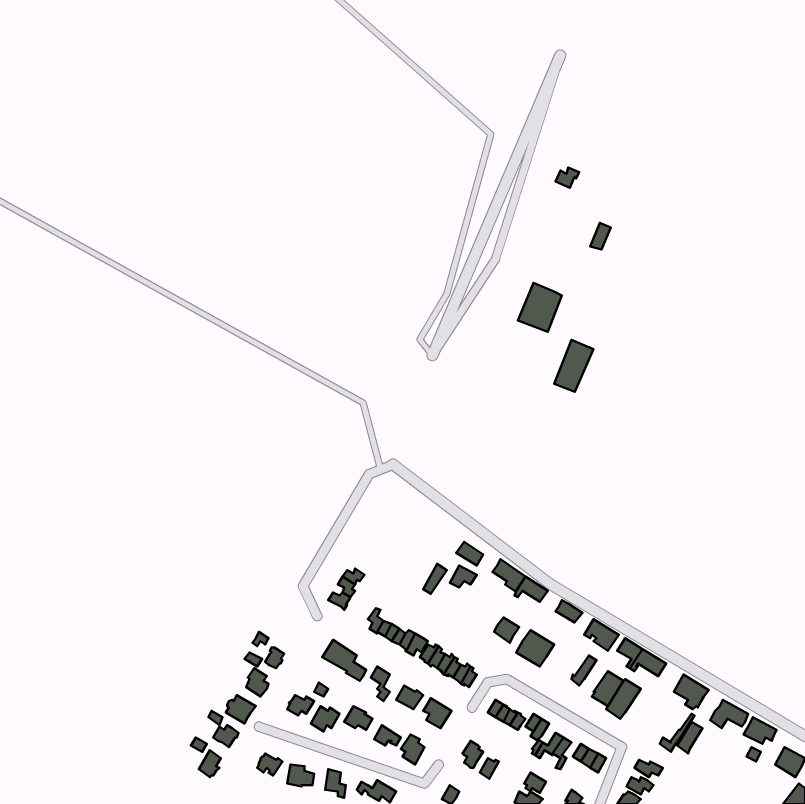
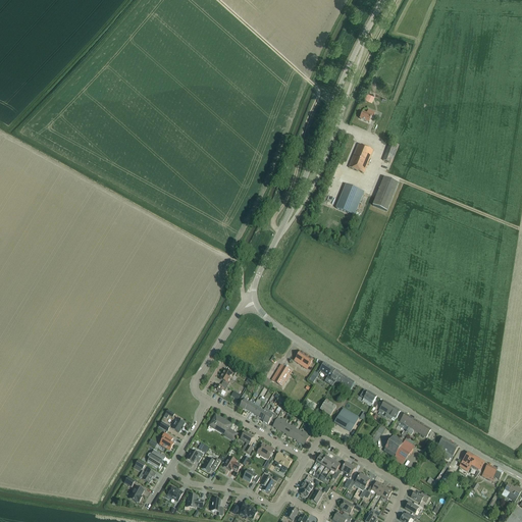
building: none -> [348,143,372,172]
building: [554,340,594,392] -> [372,175,398,209]

